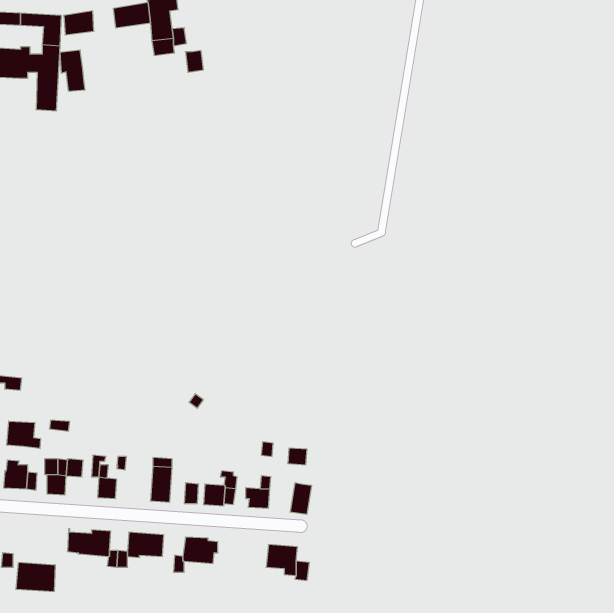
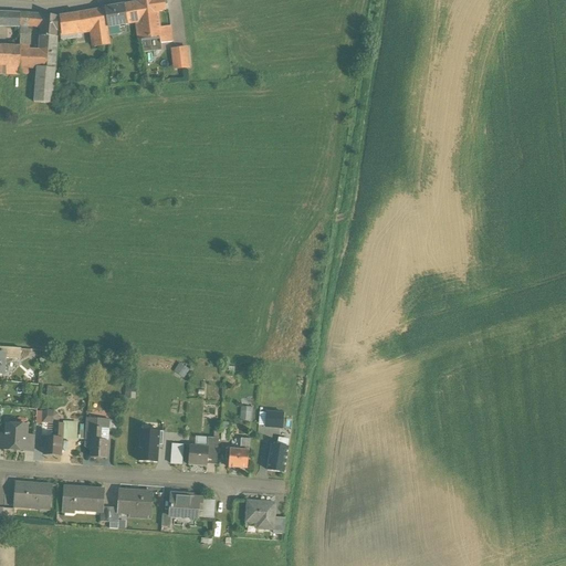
building: [60,50,85,91] -> [85,8,108,45]
building: [7,421,40,449] -> none
building: [16,563,56,592] -> [13,482,50,509]

